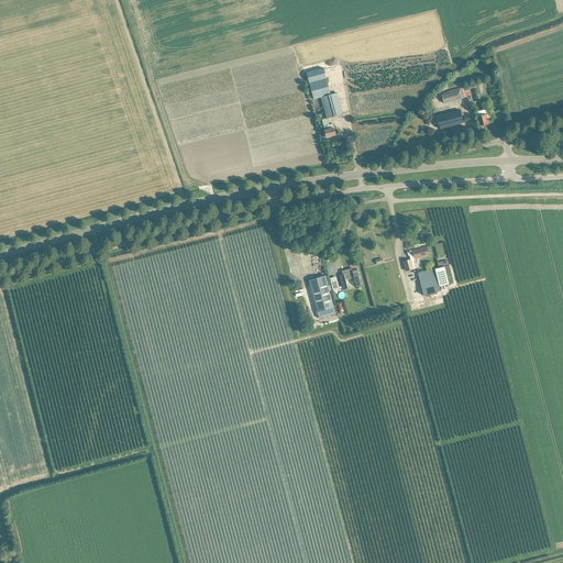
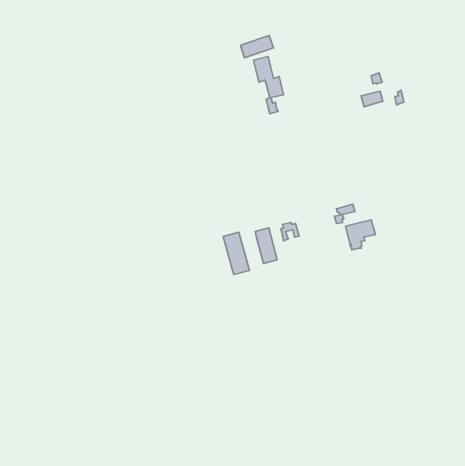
building: none -> [240,36,273,58]
building: none -> [223,232,249,275]

